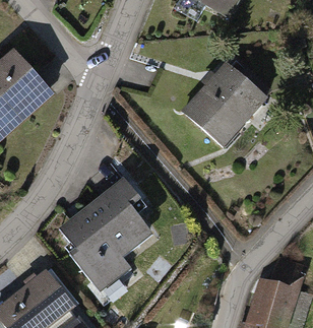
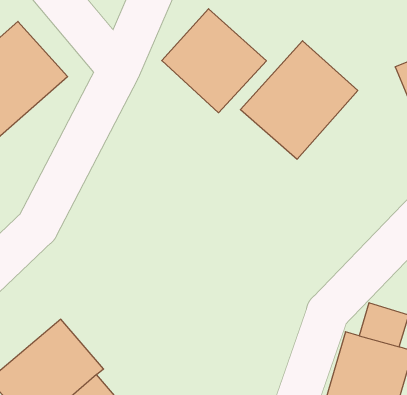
building: none -> [162,9,266,113]
building: [60,176,155,292] -> none

